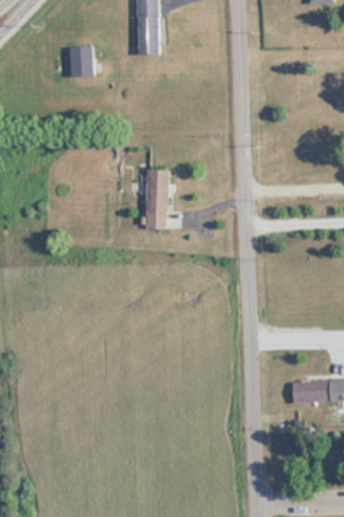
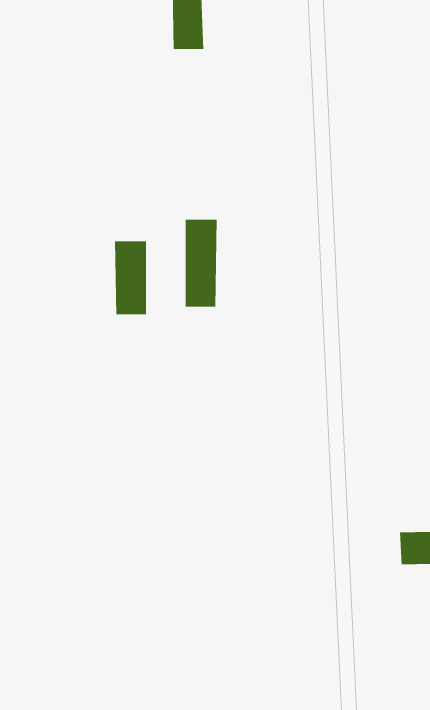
building: [70,46,93,76] -> none
building: none -> [114,240,146,315]

